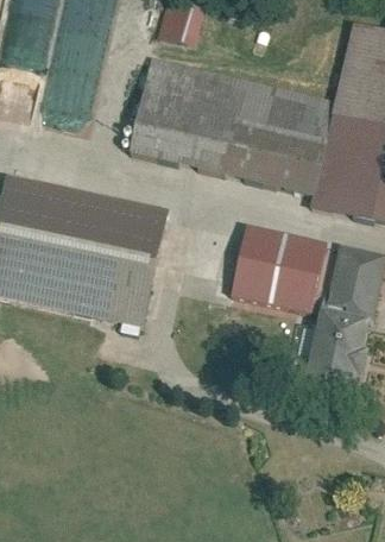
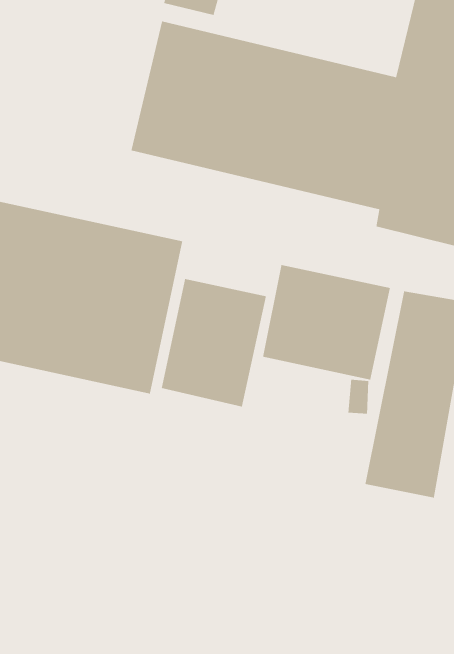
building: none -> [161,278,267,407]

